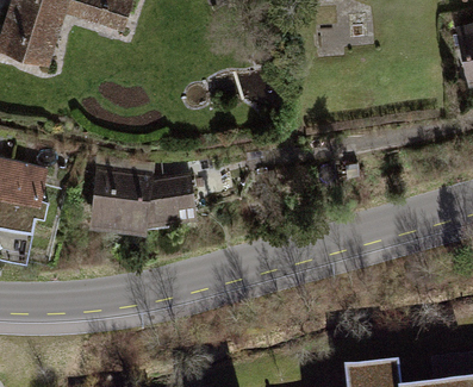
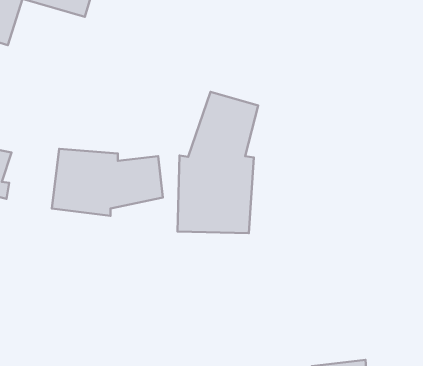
building: none -> [178,92,258,233]

